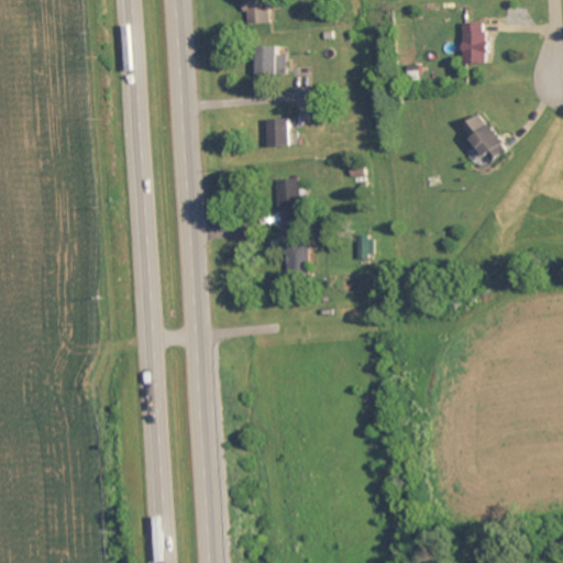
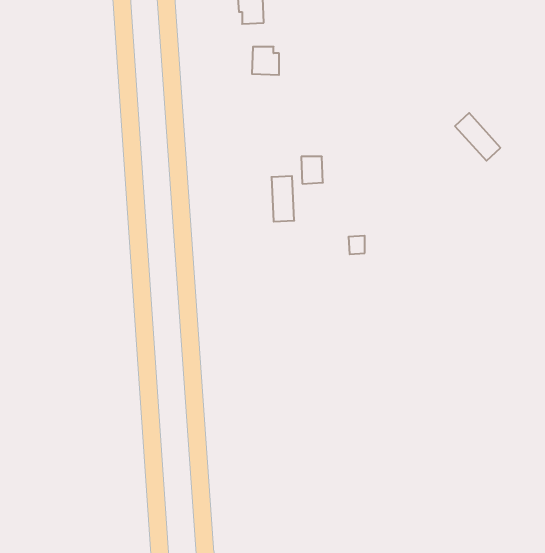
building: [461,22,484,63] -> none
building: [267,119,289,146] -> [301,157,323,184]
building: [284,242,306,272] -> none

